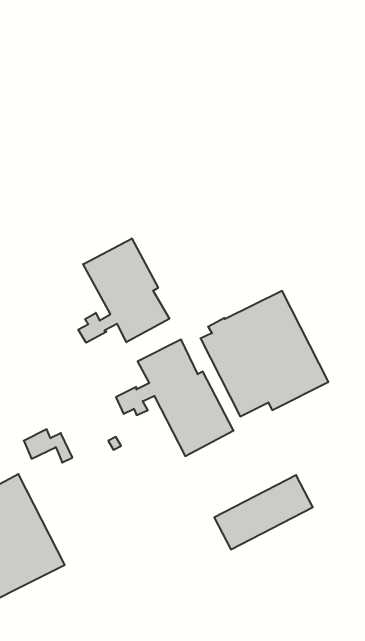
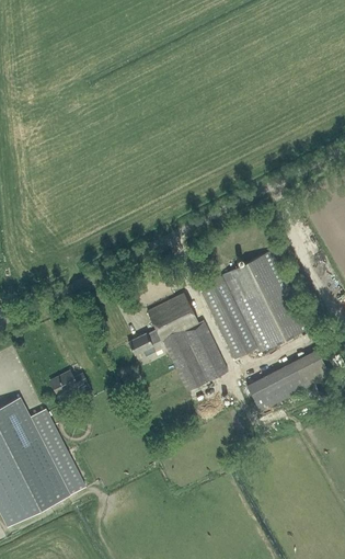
building: [78,238,169,343] -> none
building: [214,475,313,549] -> [246,349,331,412]

